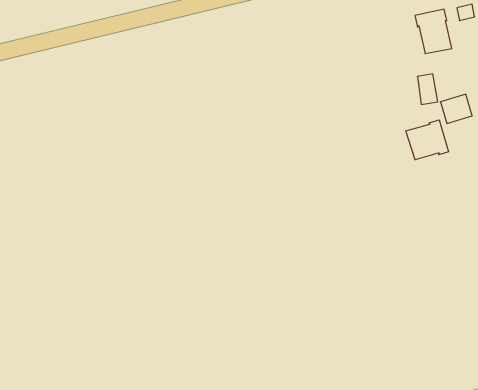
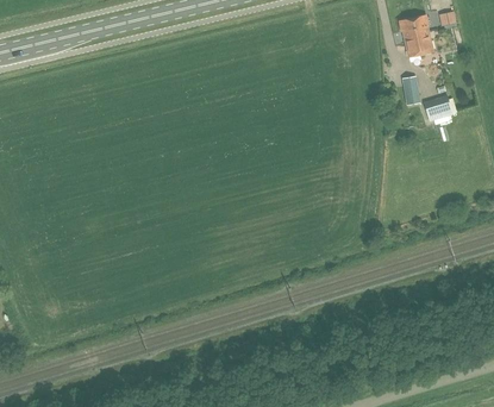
building: [406,120,449,160] -> none

